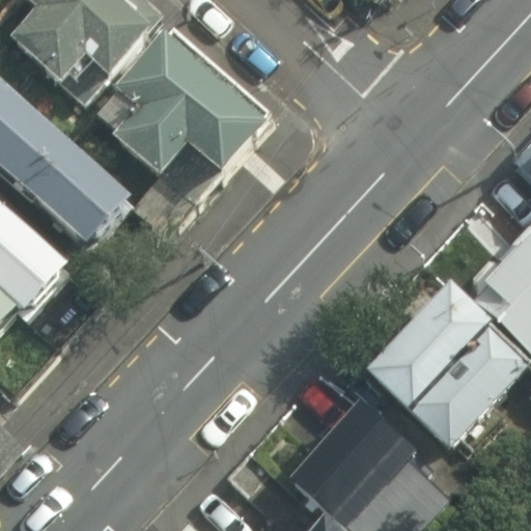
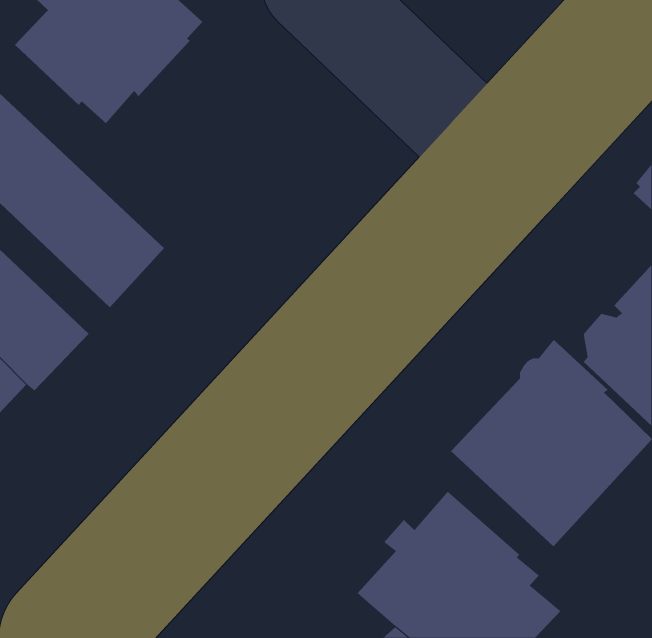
building: [97,28,273,236] -> none

